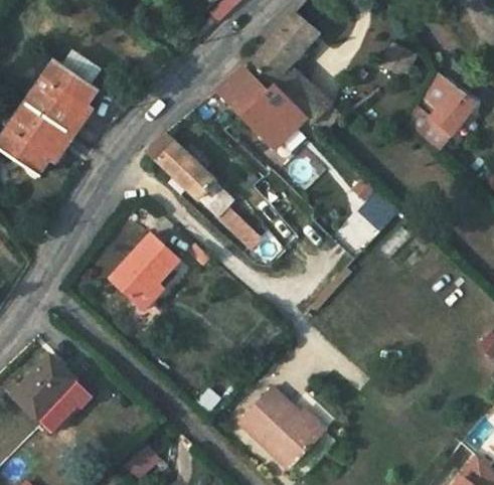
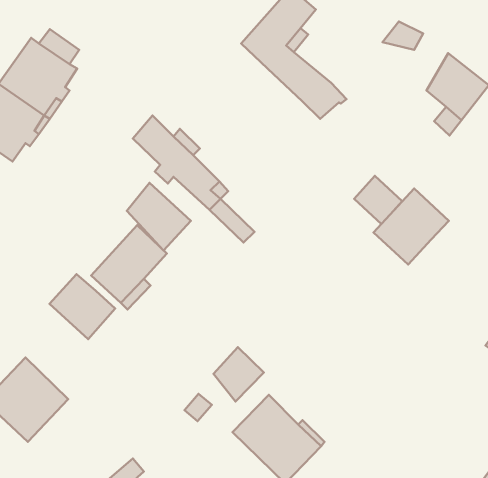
building: [218,68,304,154] -> none
building: none -> [127,183,191,251]
building: none -> [374,189,449,265]
building: none -> [49,274,115,339]
building: none -> [214,347,264,401]

